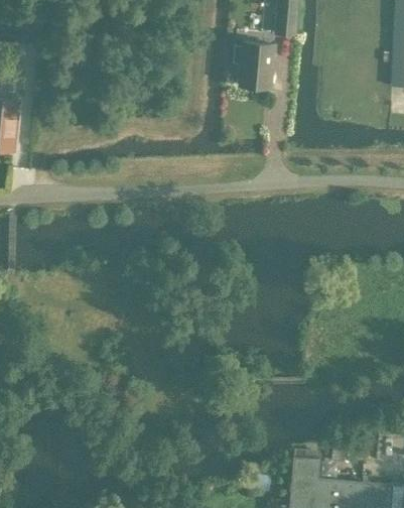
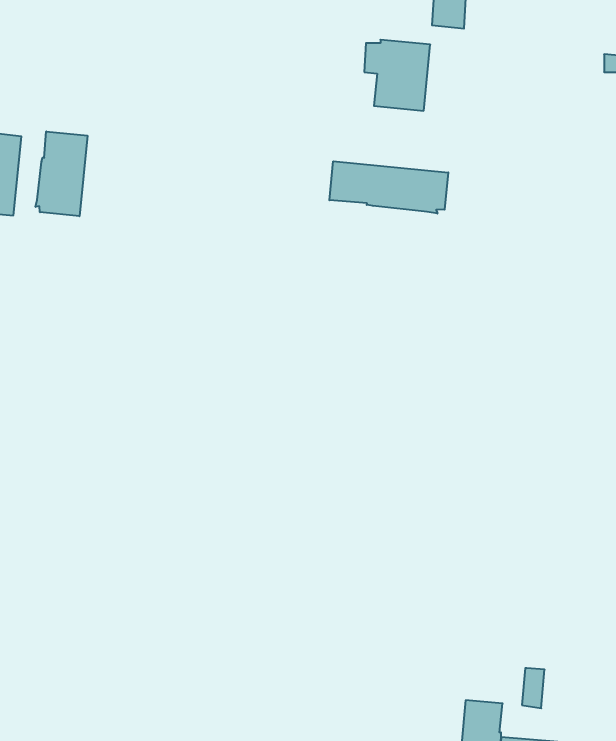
building: none -> [36,131,87,216]
building: none -> [329,161,448,214]

